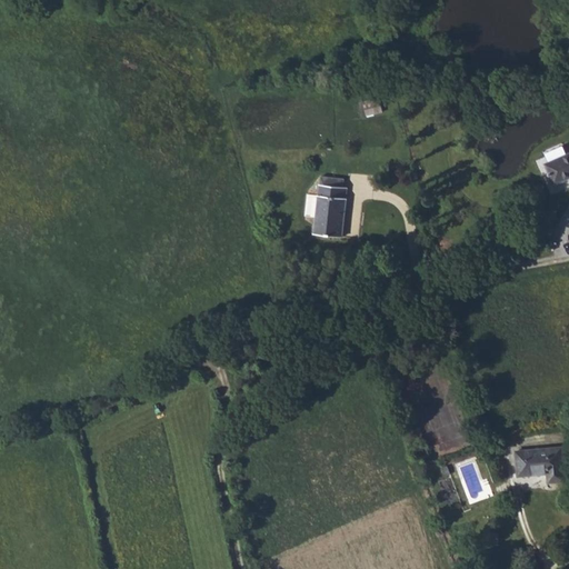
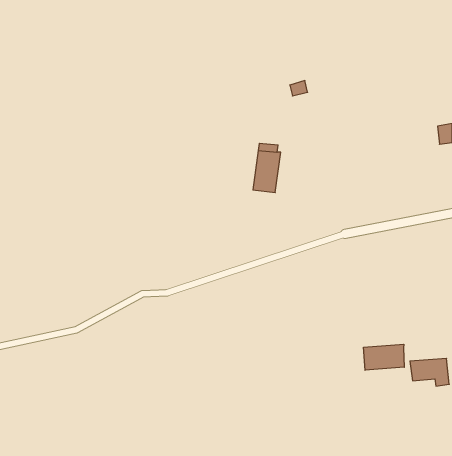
building: none -> [364,344,404,370]

